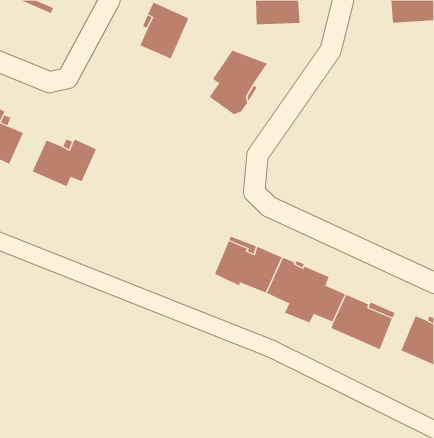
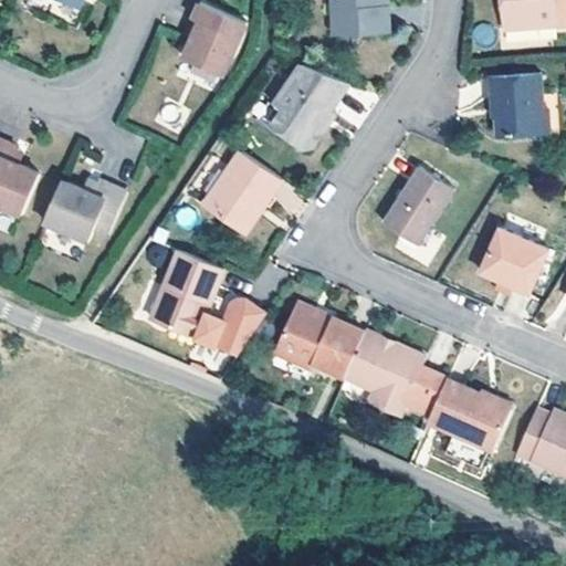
building: none -> [490,72,545,137]
building: none -> [202,150,281,230]
building: none -> [384,165,455,242]
building: none -> [480,224,548,292]
building: none -> [153,250,268,354]

